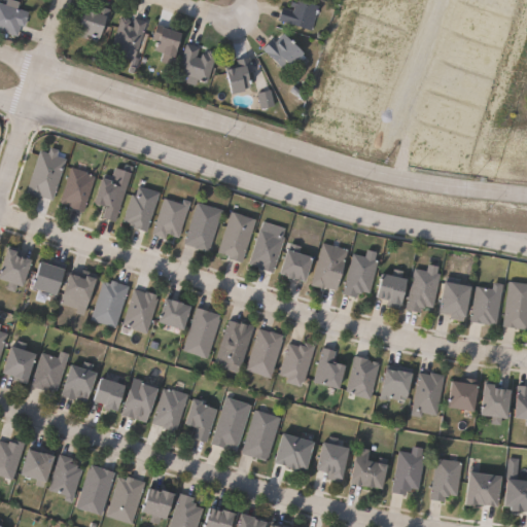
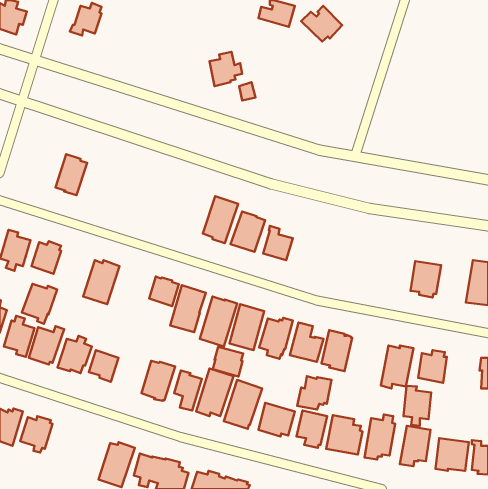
building: [109,14,147,60] -> none
building: [152,25,184,64] -> none
building: [261,31,306,69] -> [301,6,342,41]
building: [177,43,217,85] -> none
building: [26,147,66,200] -> none
building: [96,177,127,221] -> none
building: [122,184,160,231] -> none
building: [152,198,190,238] -> none
building: [183,201,223,251] -> none
building: [311,242,349,289] -> none
building: [343,248,378,296] -> none
building: [379,264,441,313] -> none
building: [60,272,98,315] -> [22,284,57,324]
building: [470,282,504,324] -> none
building: [122,288,157,333] -> none
building: [378,367,415,403] -> [297,376,332,410]
building: none -> [213,347,243,376]
building: [121,378,160,422] -> none
building: [484,382,514,425] -> [403,386,431,426]
building: [47,454,82,502] -> none
building: [76,464,115,516] -> none

